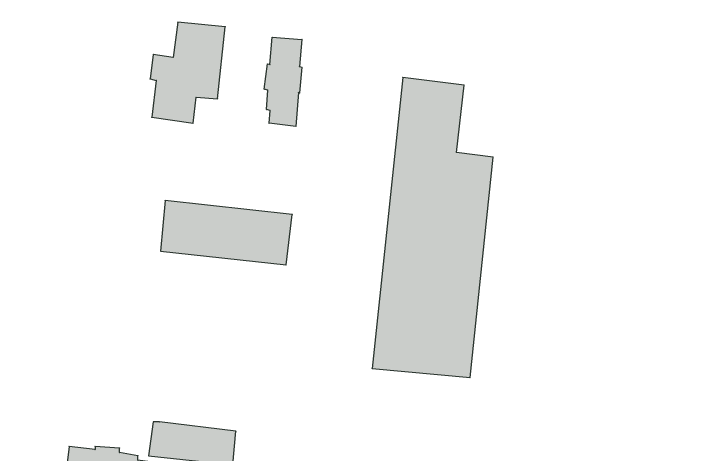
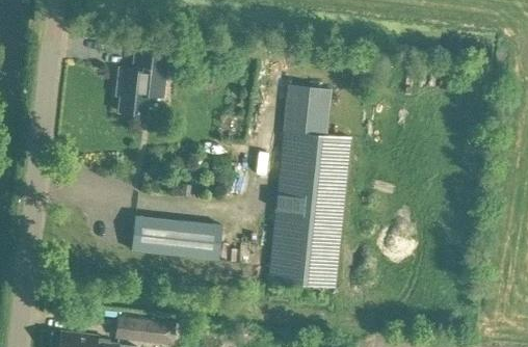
building: [264,37,302,126] -> none
building: [161,201,292,265] -> [132,217,221,261]

